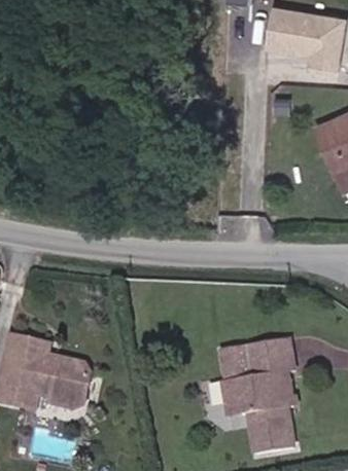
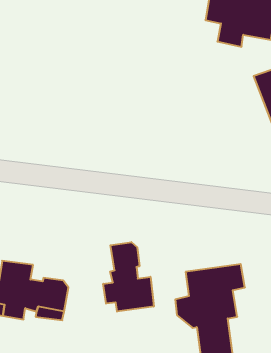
building: none -> [103,242,154,312]

